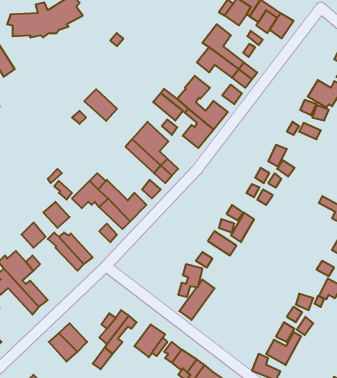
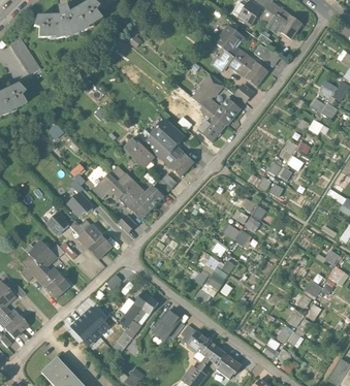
building: [84,89,117,121] -> [124,137,155,167]

